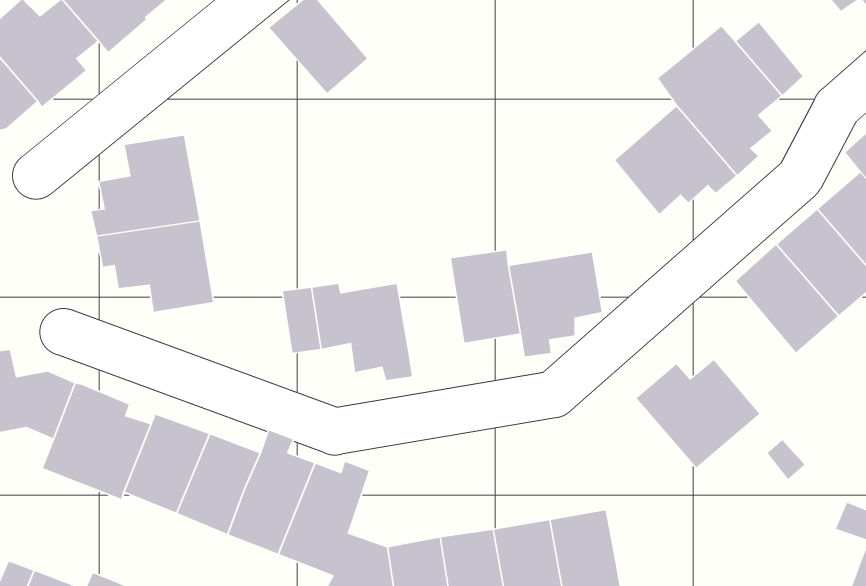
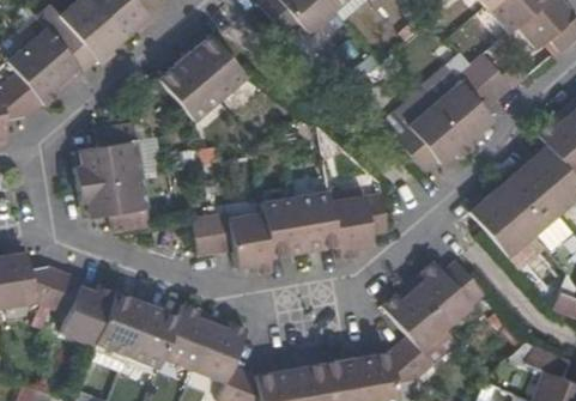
building: none -> [157,56,219,120]
building: none -> [261,198,303,256]
building: none -> [382,284,445,384]

